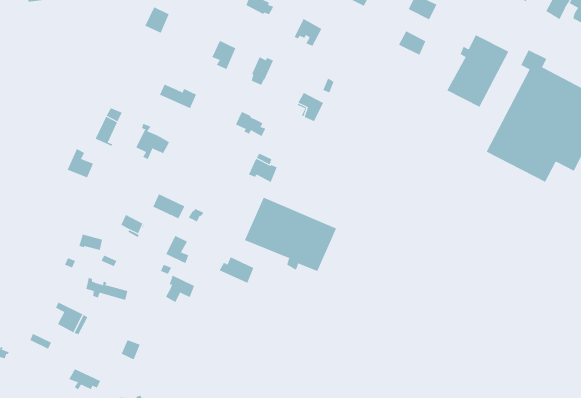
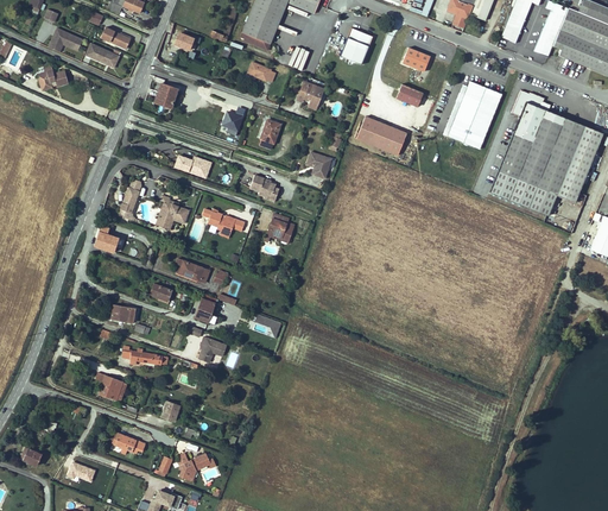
building: none -> [356,116,406,154]
building: none -> [202,208,245,238]
building: [244,197,337,272] -> none

